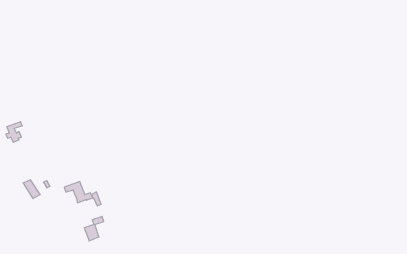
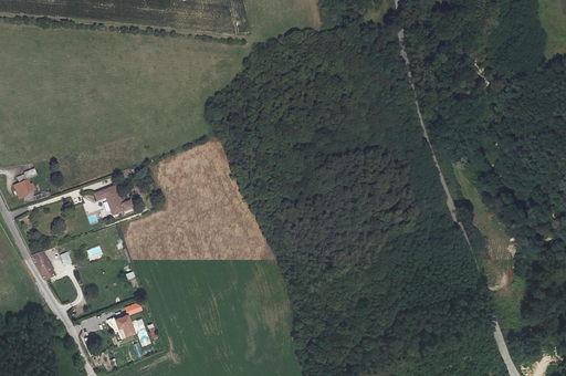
building: [64,182,93,203] -> [93,188,132,217]

